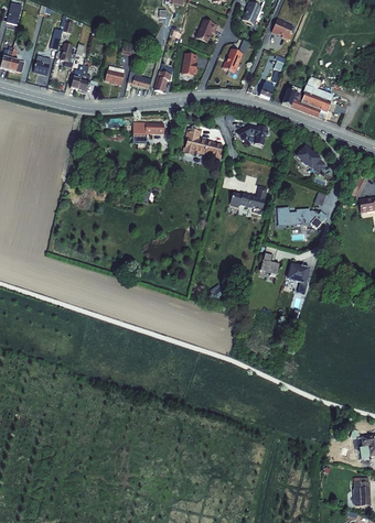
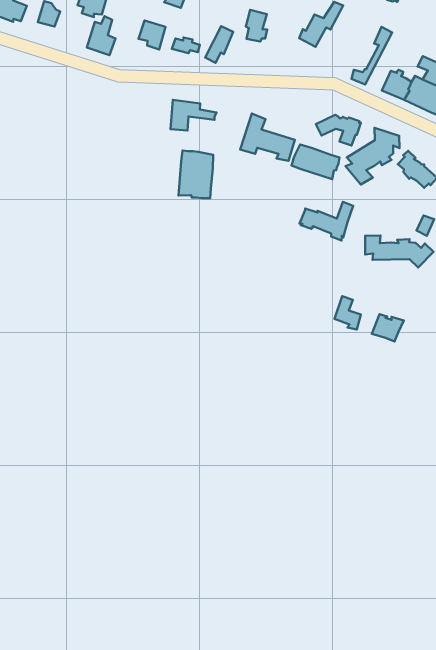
building: none -> [346,128,400,184]
building: none -> [291,145,340,179]
building: none -> [179,150,213,198]

